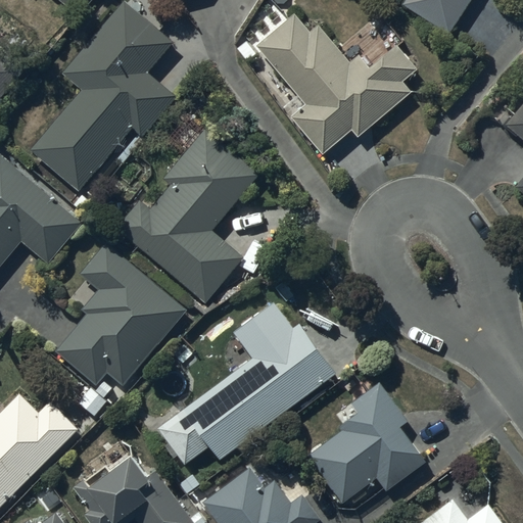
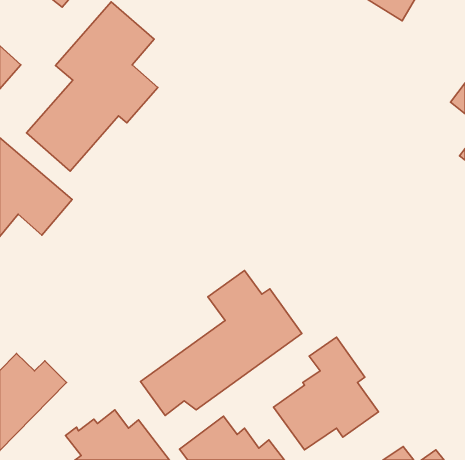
building: [257,13,417,152] -> none
building: [115,129,260,304] -> none
building: [56,245,185,385] -> none

